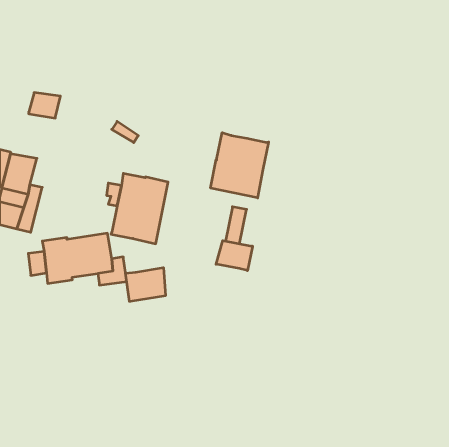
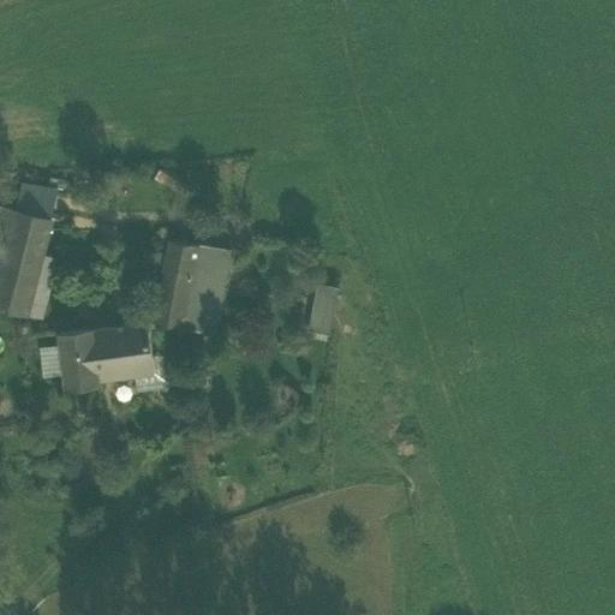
building: [29,93,60,118] -> [14,185,58,220]
building: [211,133,269,198] -> none
building: [216,241,253,271] -> none
building: [126,268,165,301] -> none

